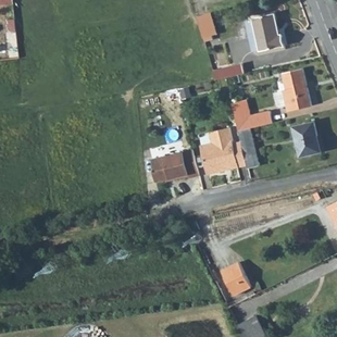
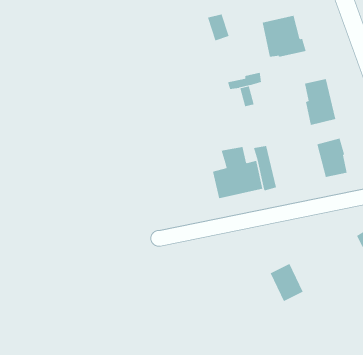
building: [229,100,271,130] -> none
building: [150,150,198,183] -> none
building: [220,263,249,297] -> [270,263,303,302]

